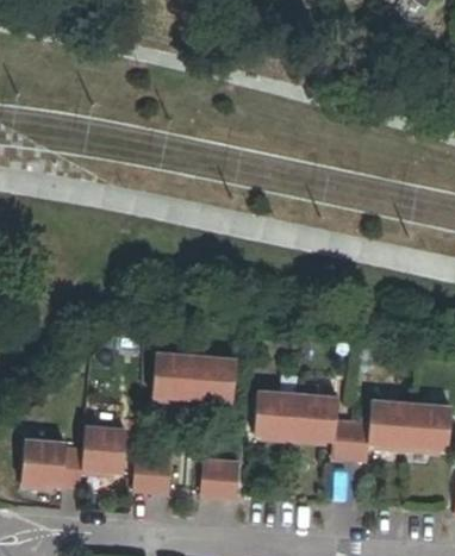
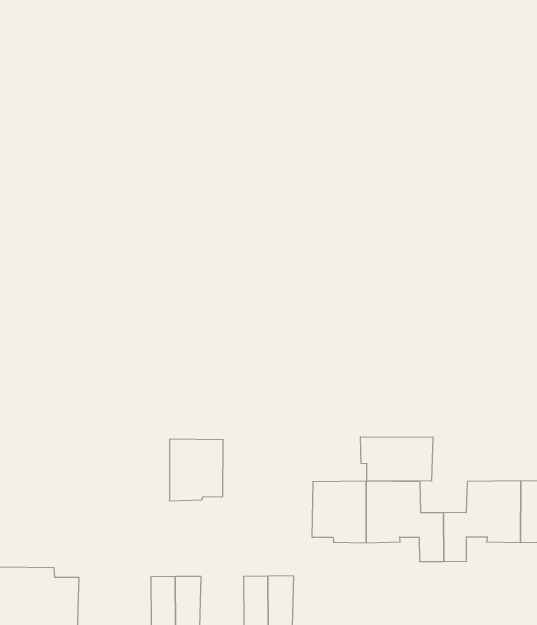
building: [193,357,236,405] -> none
building: none -> [360,437,433,481]
building: [81,425,126,474] -> none

